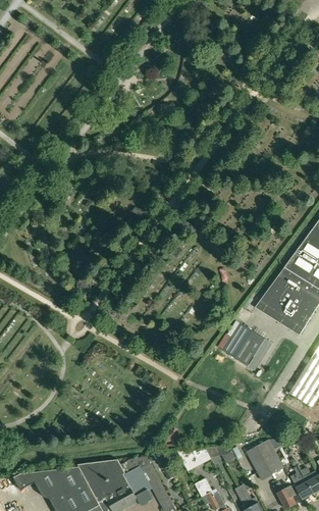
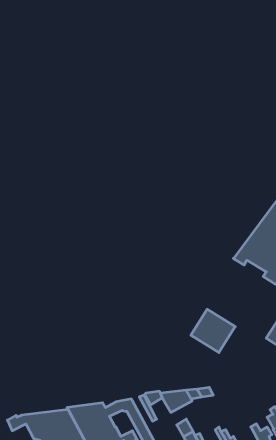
building: [223,323,270,369] -> [191,309,235,353]
building: [247,442,283,480] -> none

